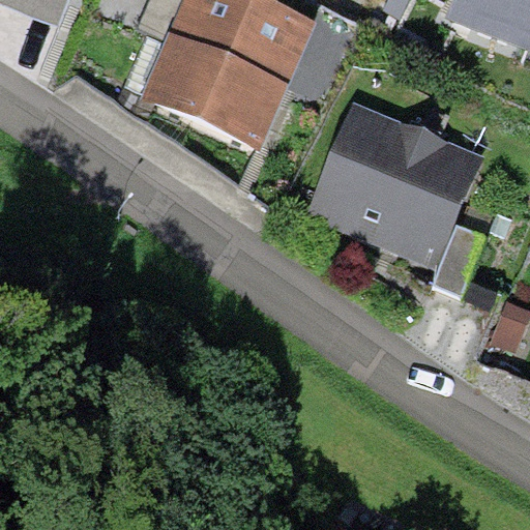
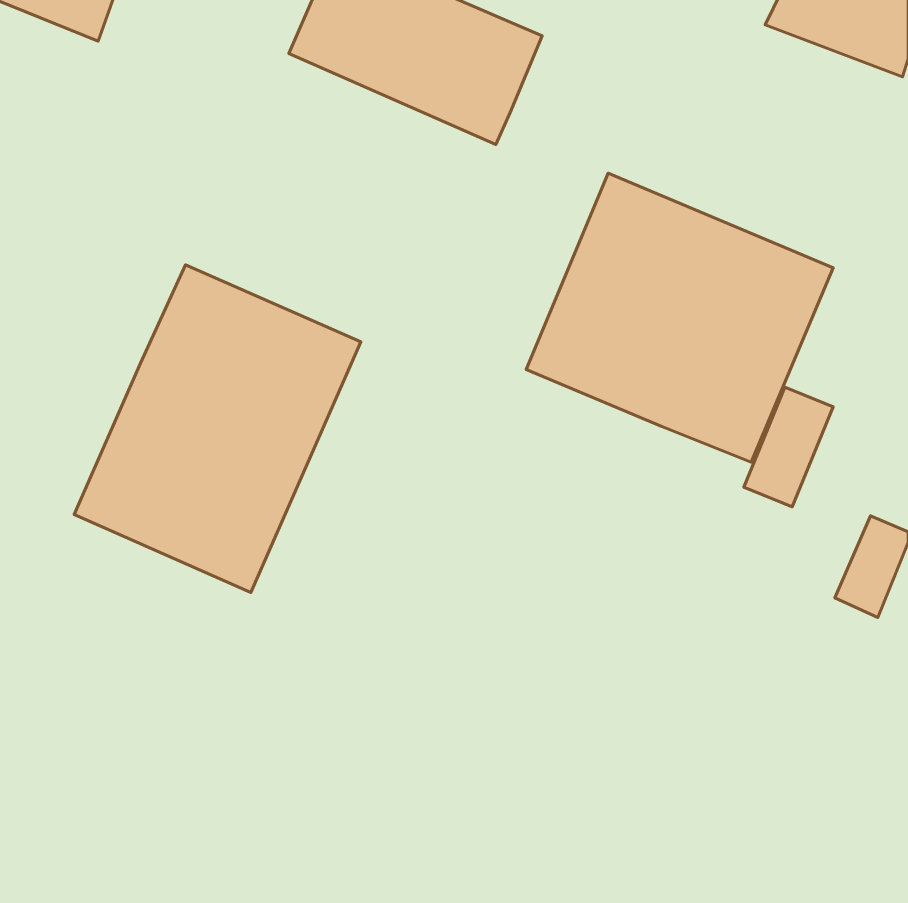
building: [139,31,288,149] -> none
building: none -> [74,265,361,593]

